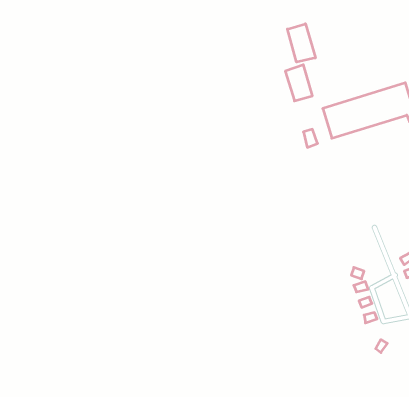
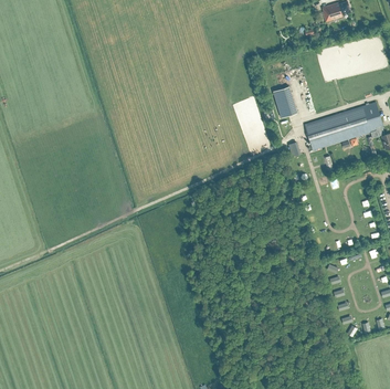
building: [287,24,315,62] -> none

